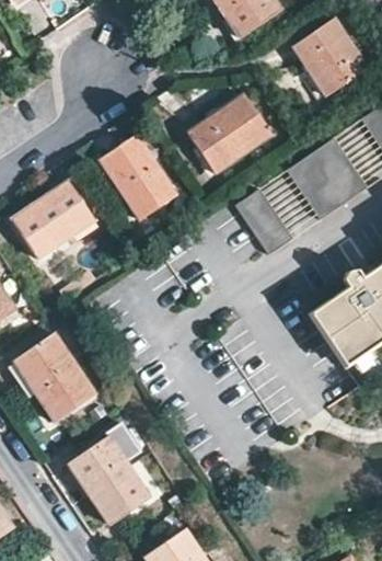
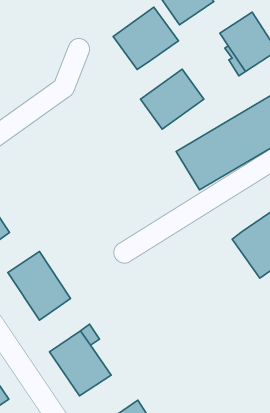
building: none -> [113,7,178,70]
building: [101,135,175,218] -> none
building: [11,181,97,257] -> none

